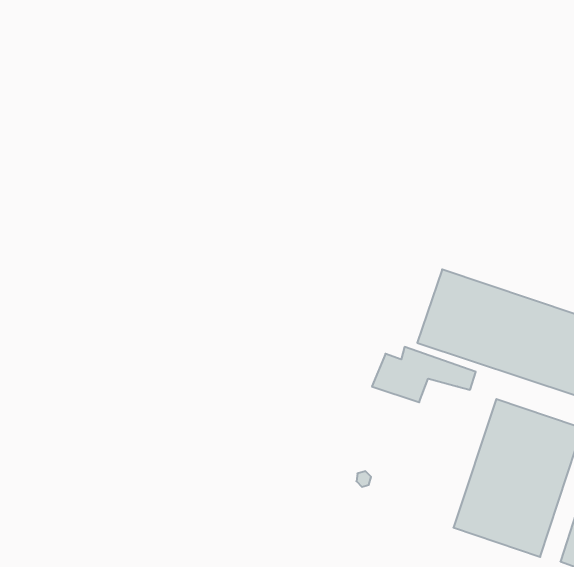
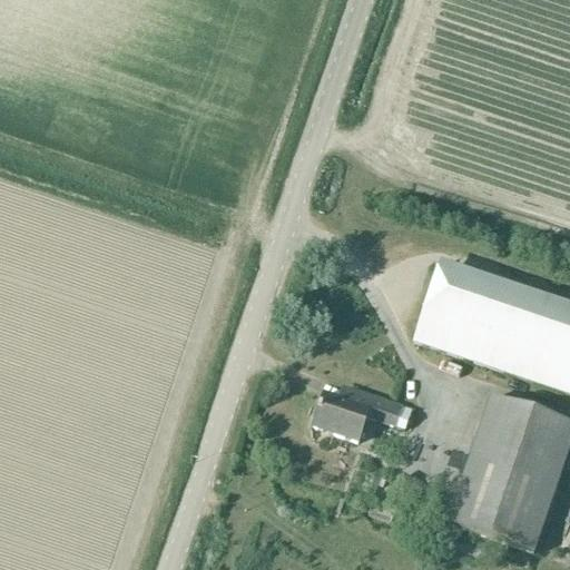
building: [372,347,476,402] -> [312,384,414,439]

